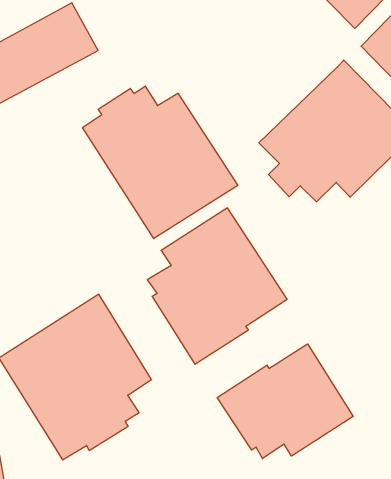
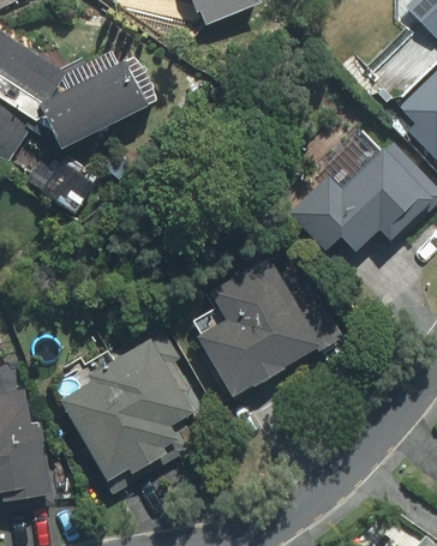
building: [83,86,238,239] -> none
building: [217,344,353,459] -> none

